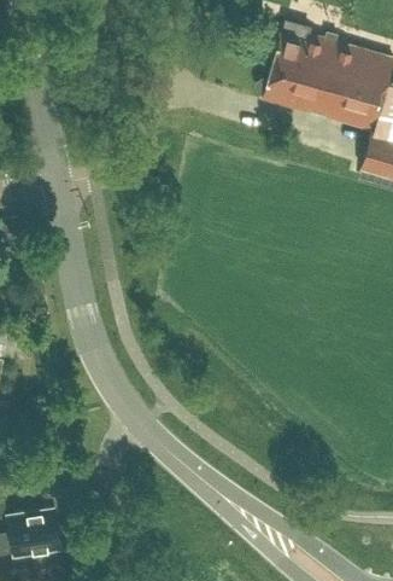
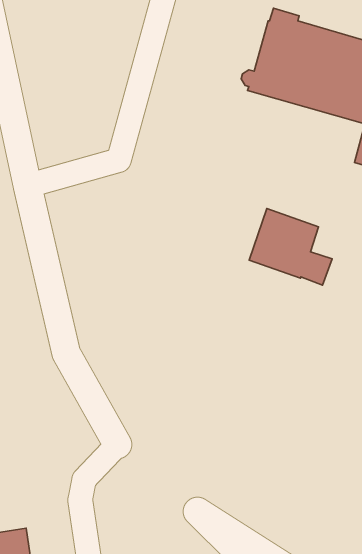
building: none -> [249,209,332,285]

